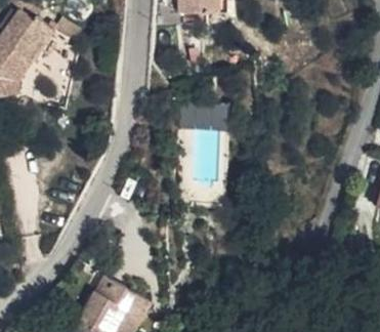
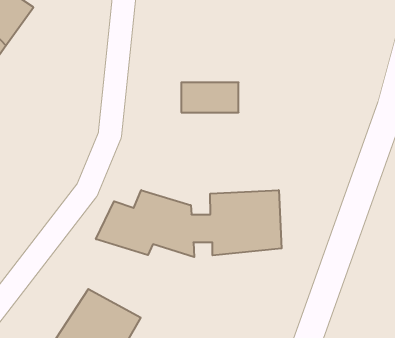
building: none -> [96,190,282,257]

